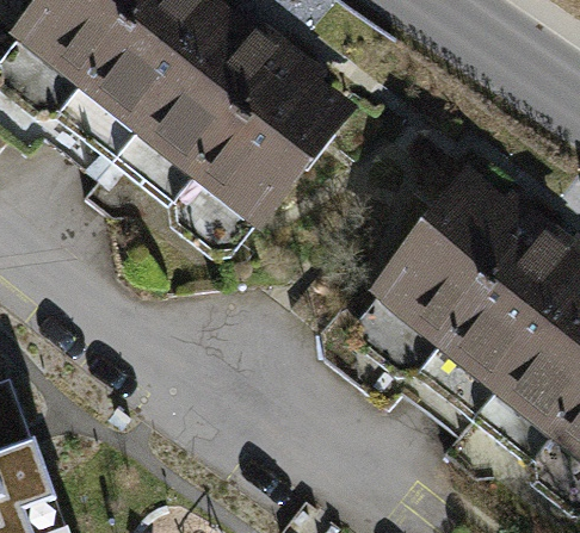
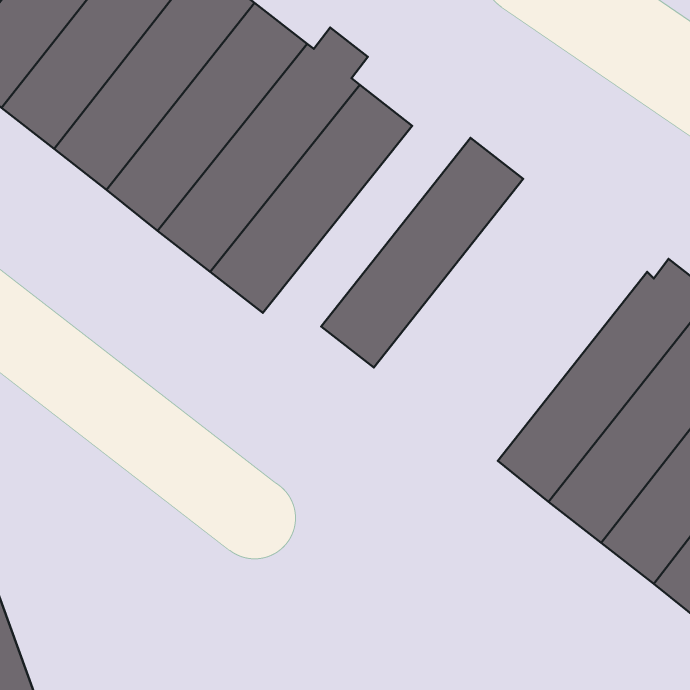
building: [363,172,510,339] -> [321,138,523,368]

